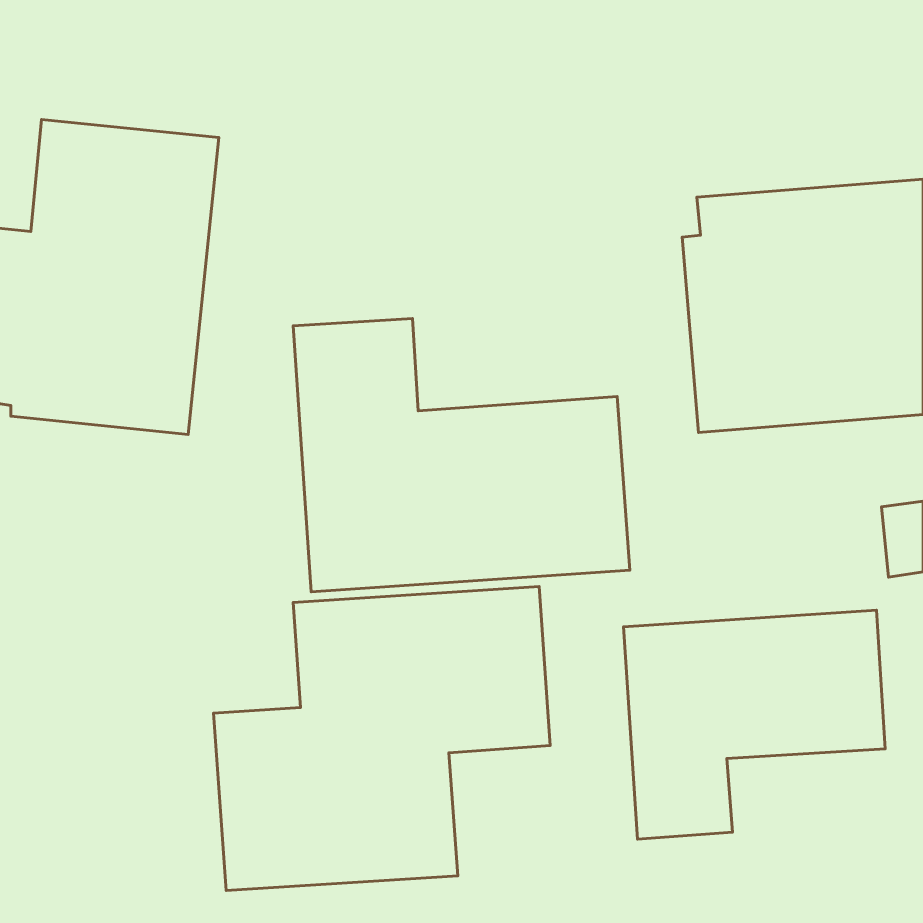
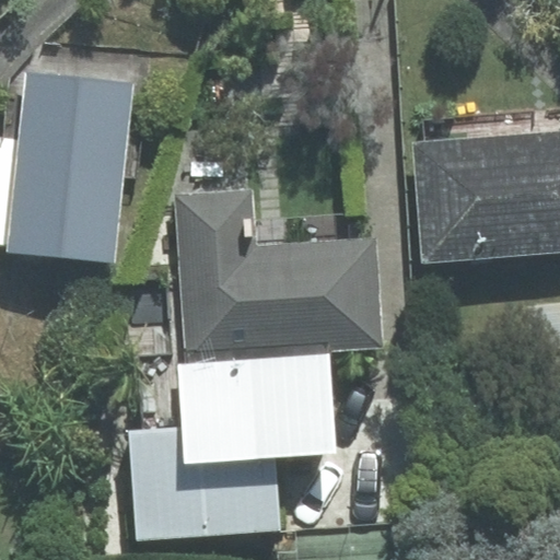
building: [623,610,885,839] -> none

